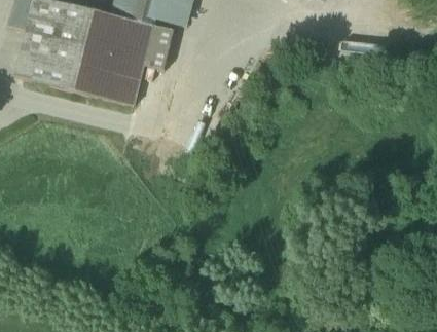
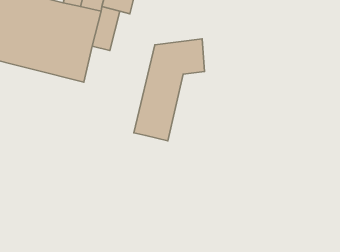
building: none -> [134,39,204,141]

